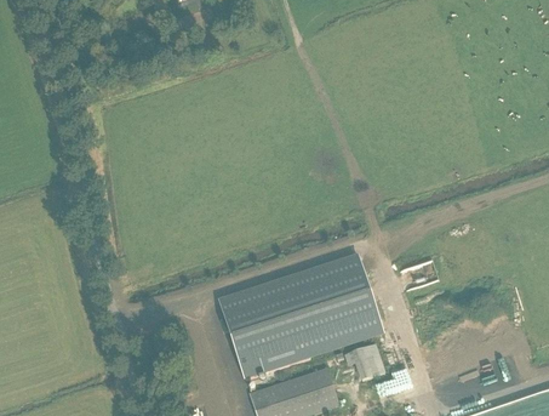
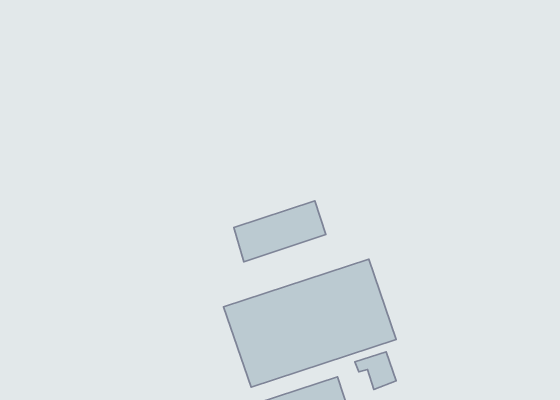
building: none -> [234,201,326,262]

